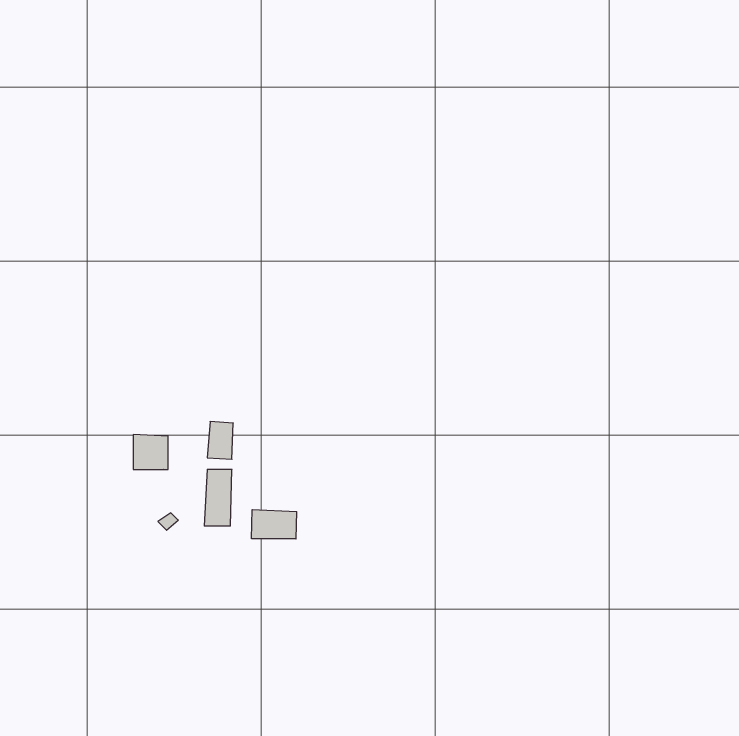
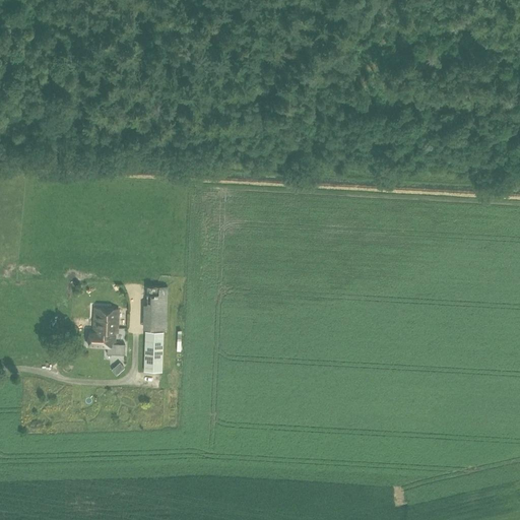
building: none -> [89,329,116,343]
building: [252,510,297,539] -> none

